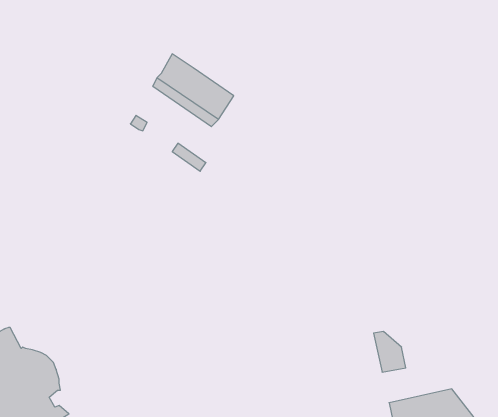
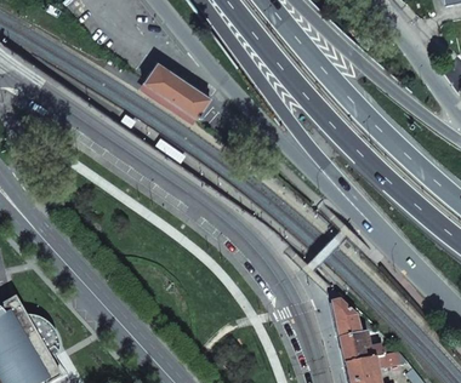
building: none -> [338,333,399,364]

